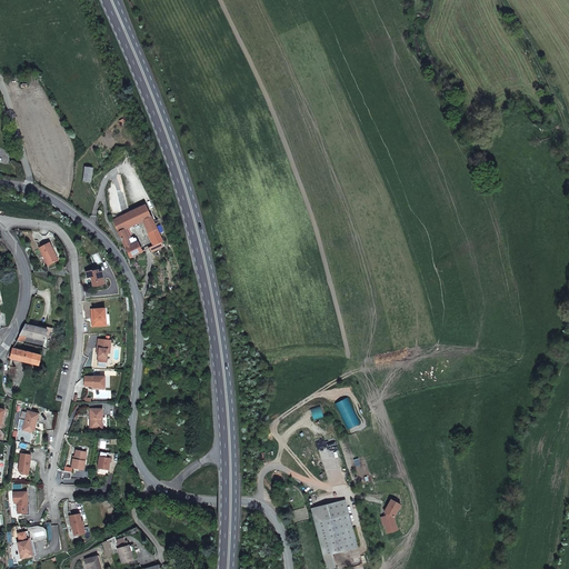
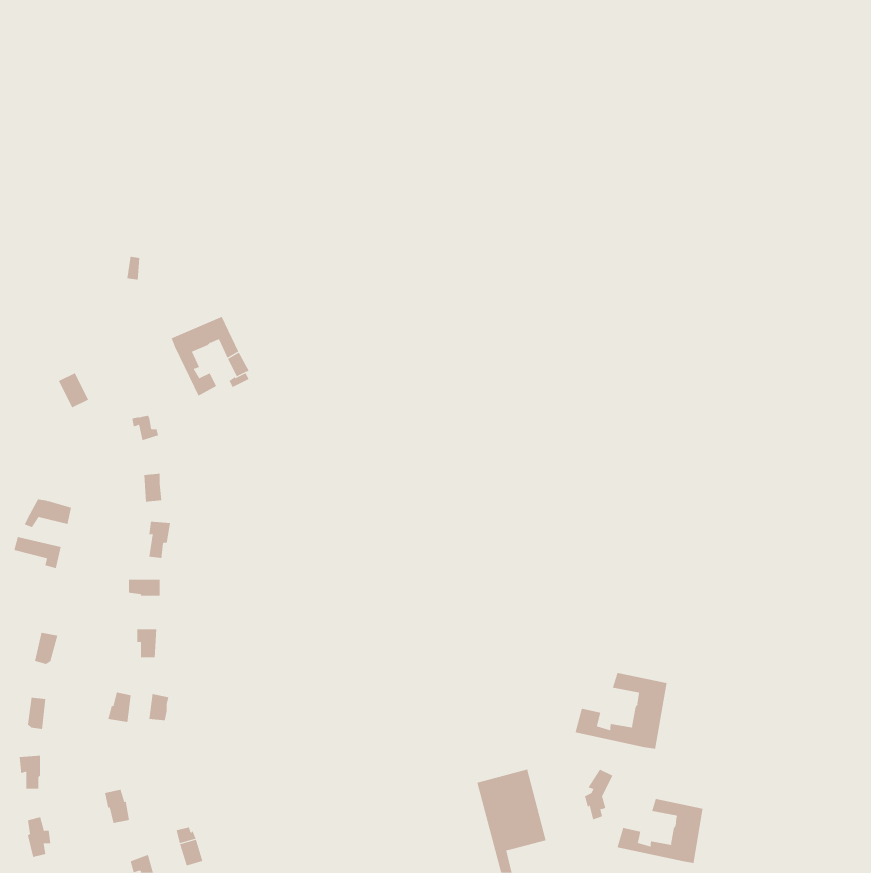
building: none -> [575,672,667,750]
building: none -> [617,798,703,864]

